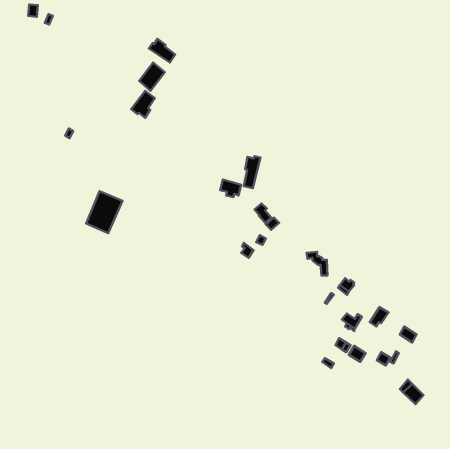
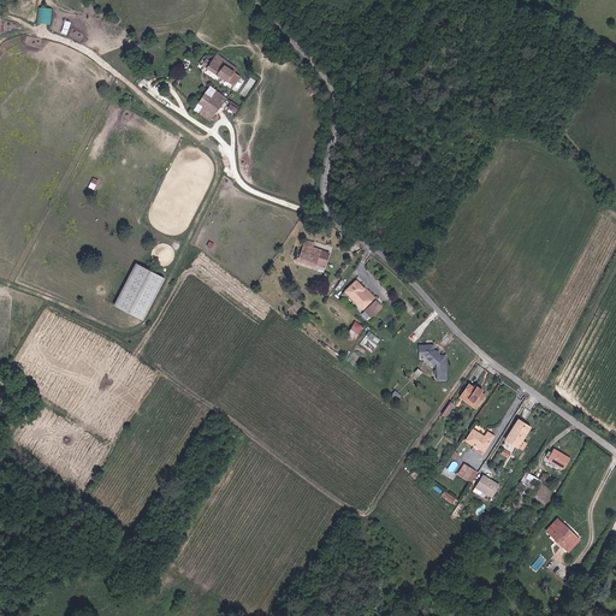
building: [131,91,155,118] -> none
building: [244,156,260,188] -> none

